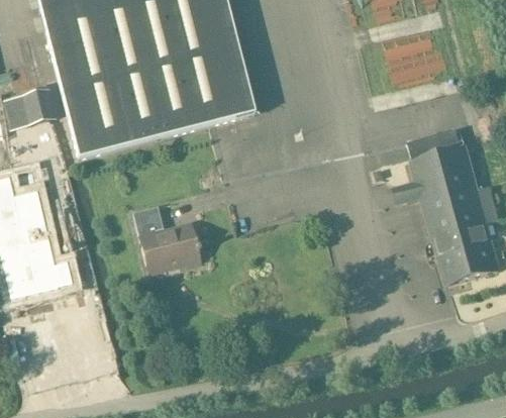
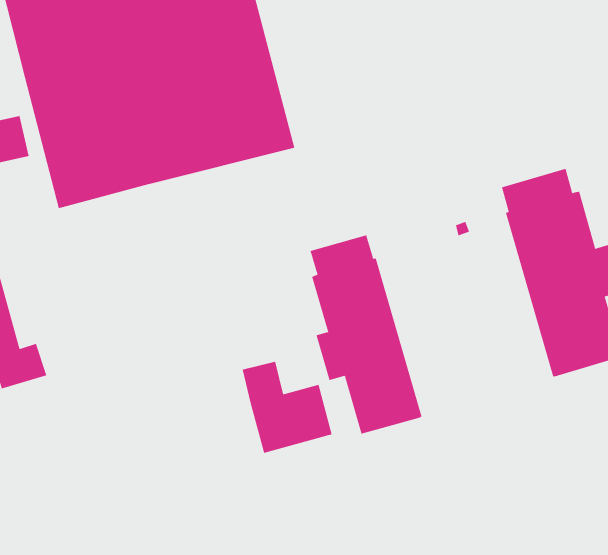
building: none -> [310,234,422,435]
building: [132,206,200,275] -> [242,361,333,453]

